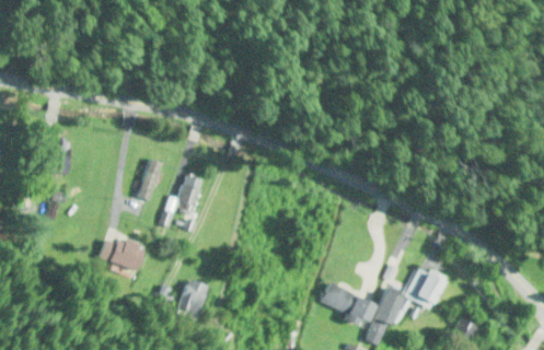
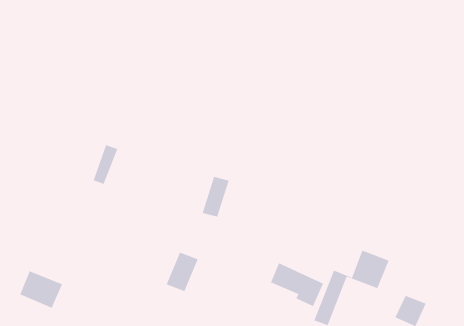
building: [175,172,204,214] -> [202,176,229,217]
building: [96,238,141,278] -> [20,270,63,308]
building: [175,277,209,318] -> [166,252,199,292]

